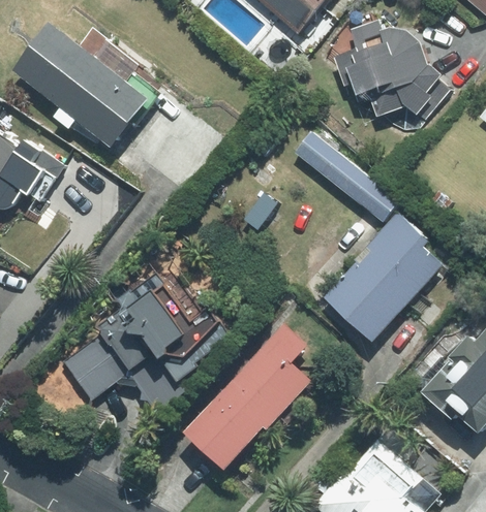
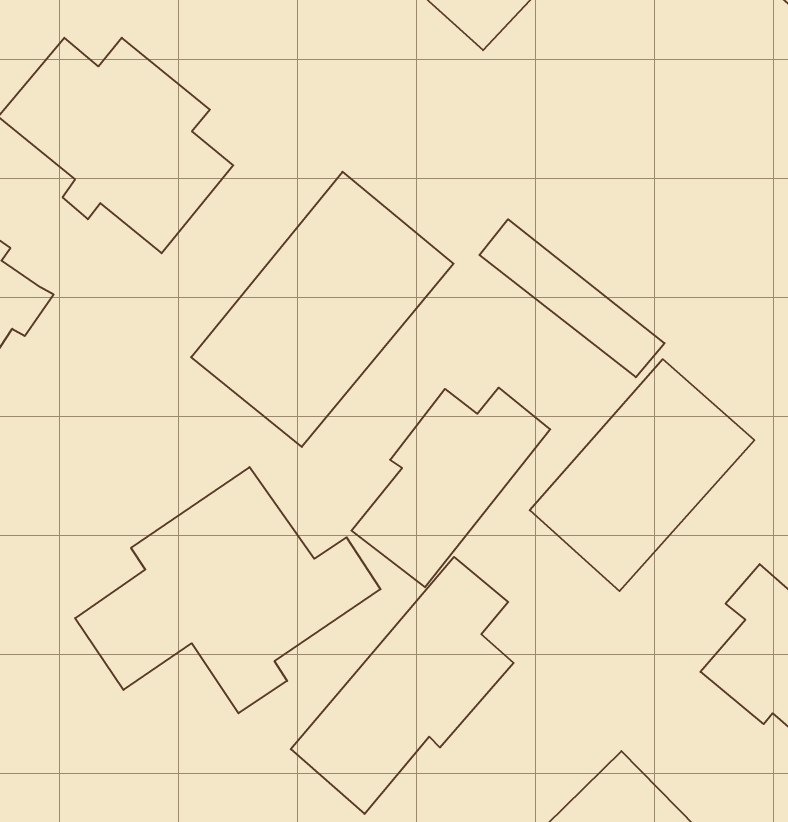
building: [336,18,446,117] -> none
building: none -> [191,172,454,447]
building: none -> [351,388,550,587]

